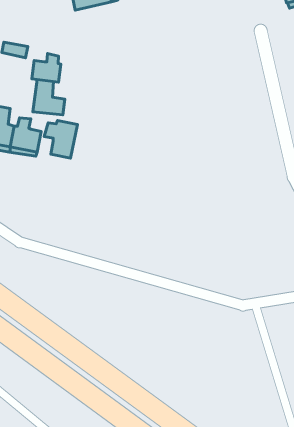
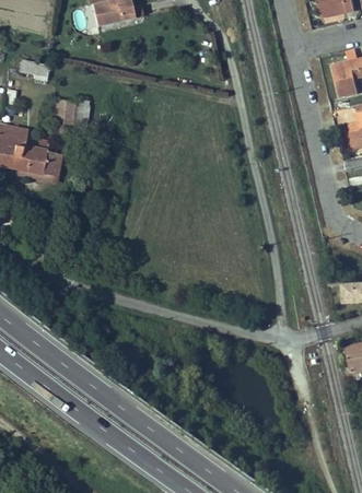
building: [32,54,61,82] -> none
building: [44,120,77,158] -> none

